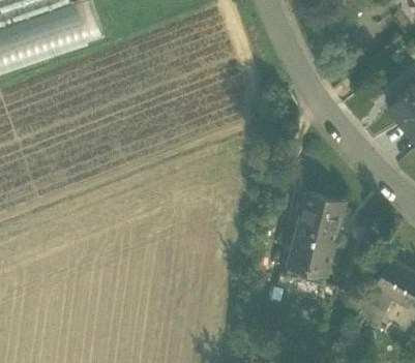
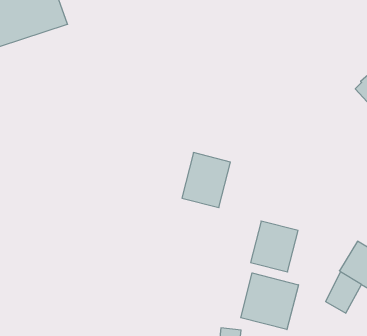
building: [296,190,344,244] -> [182,153,230,208]
building: none -> [241,273,298,330]

